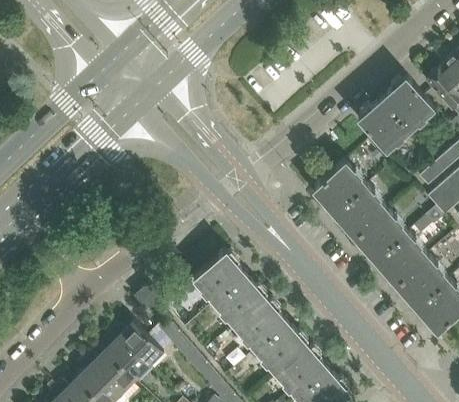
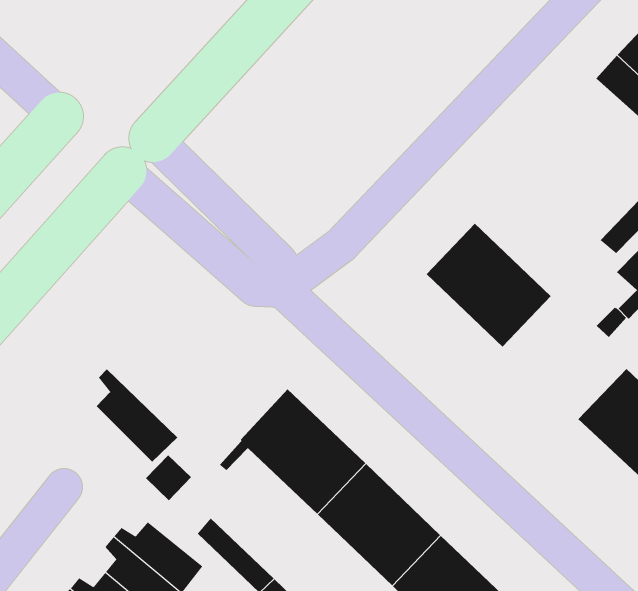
building: [356,78,434,152] -> none
building: [354,210,427,285] -> none
building: none -> [96,369,178,462]

